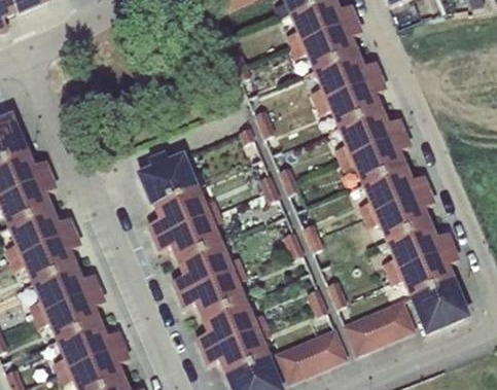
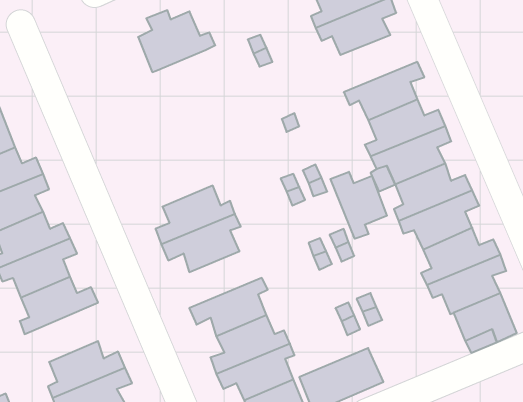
building: [311,51,380,102] -> none
building: [140,149,208,204] -> [138,10,215,72]
building: none -> [330,172,387,239]
building: [173,242,243,292] -> none
building: [34,287,104,340] -> none
building: [343,299,418,355] -> none

